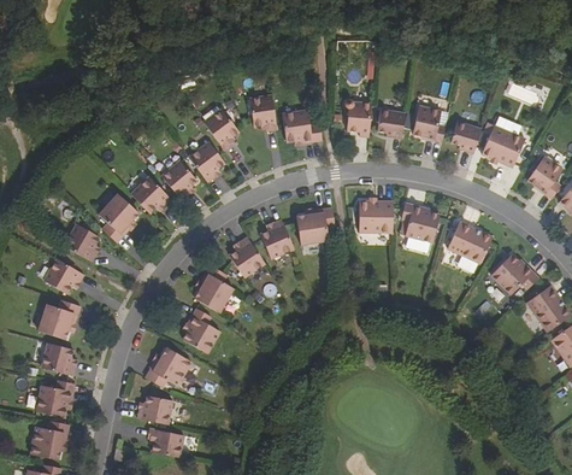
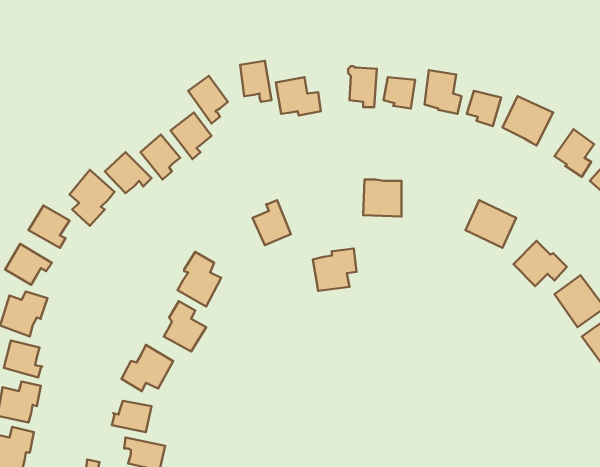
building: [402,203,440,240] -> none
building: [295,207,334,245] -> [313,249,356,291]
building: [229,236,264,276] -> none

